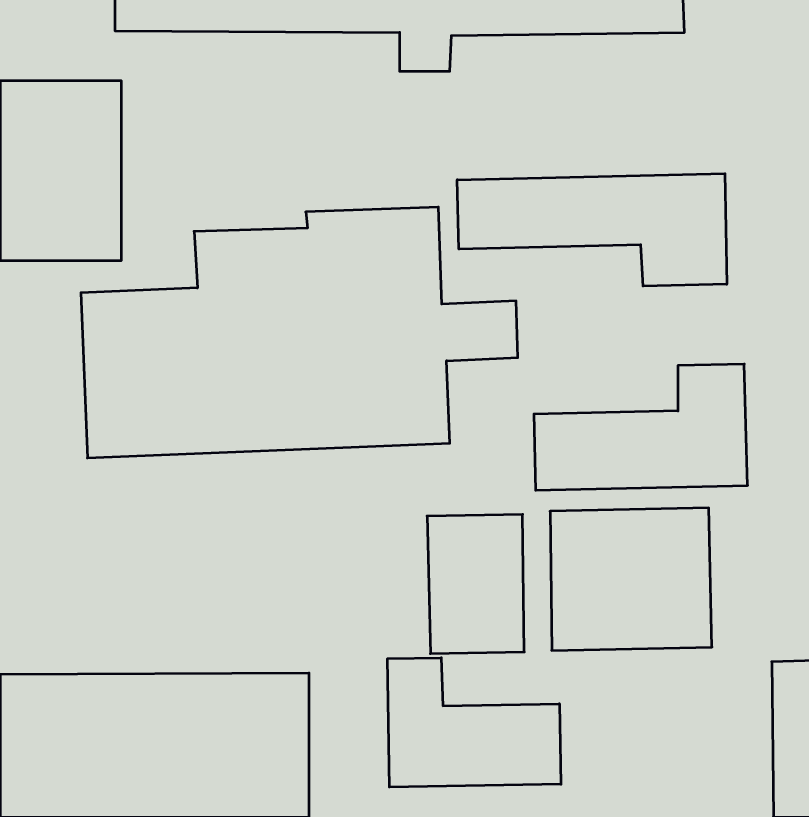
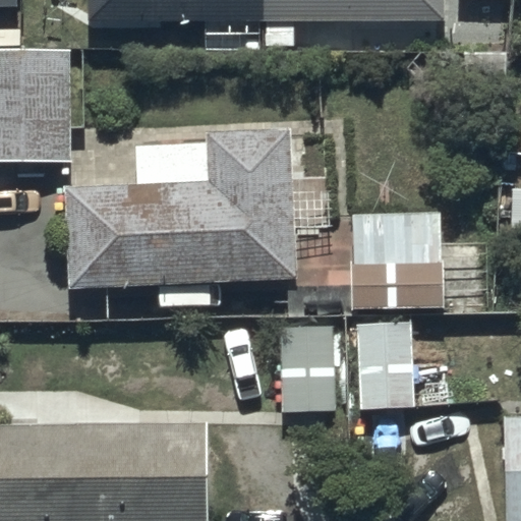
building: [457,174,727,286] -> none
building: [388,658,561,787] -> none

